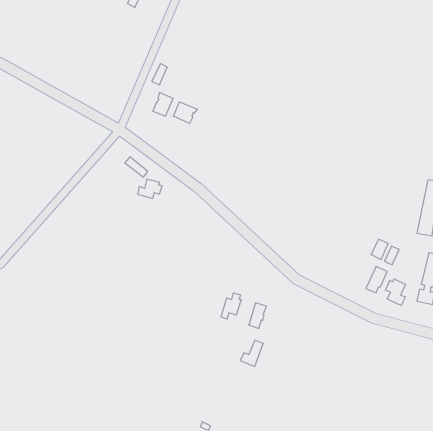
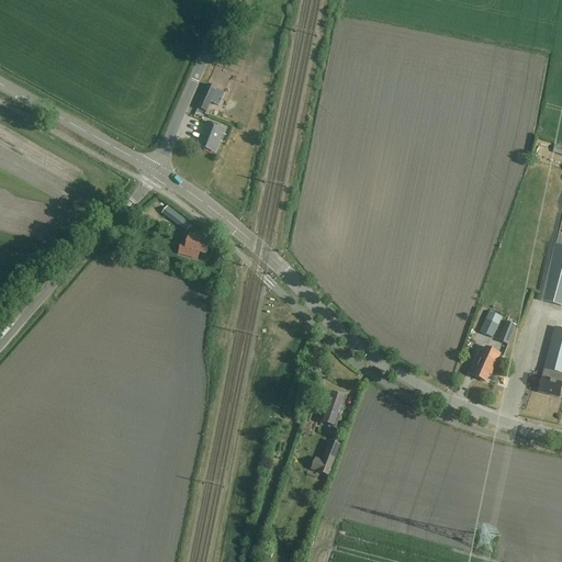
building: [173,102,197,123] -> none
building: [386,279,406,305] -> none
building: [221,293,241,319] -> none

